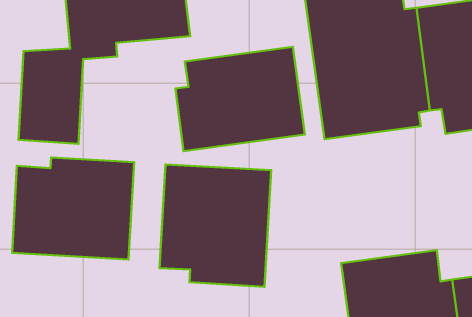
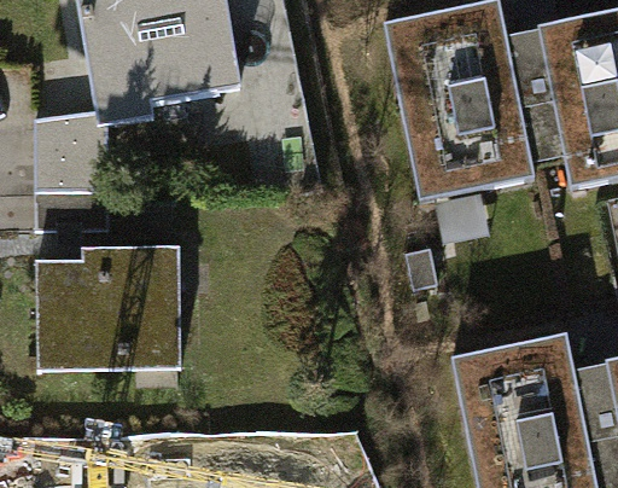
building: [175,47,305,151] -> none
building: [160,164,271,287] -> none

